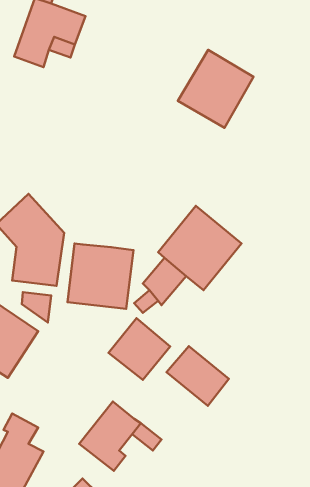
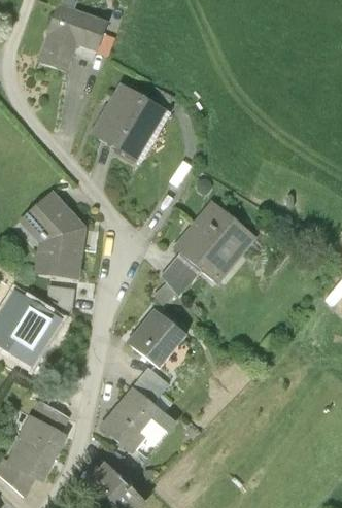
building: [178,50,254,128] -> [93,83,165,158]
building: [67,244,133,309] -> none
building: [166,346,229,406] -> none
building: none -> [132,367,169,404]

